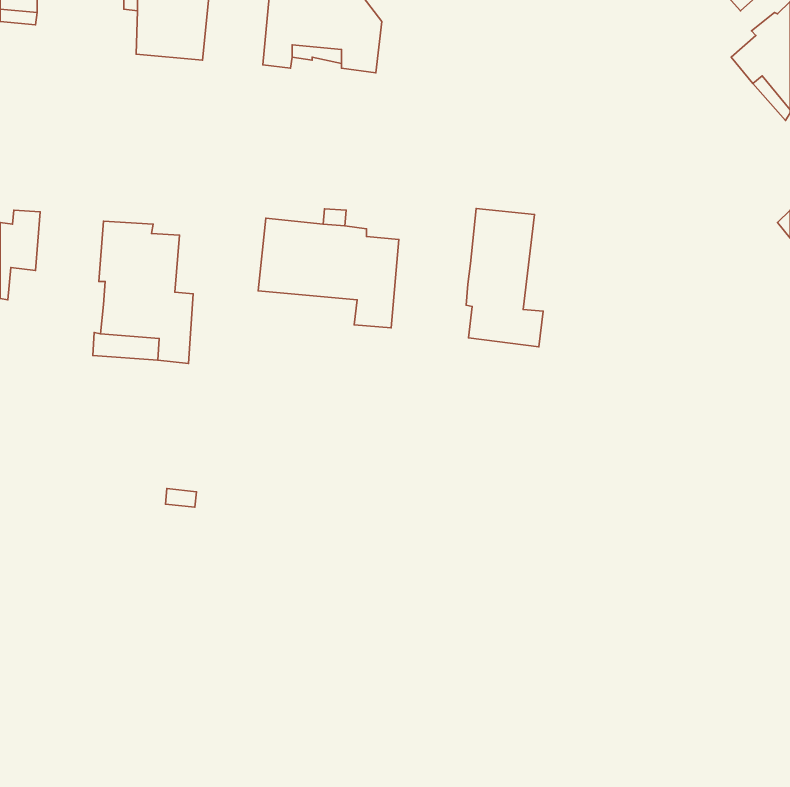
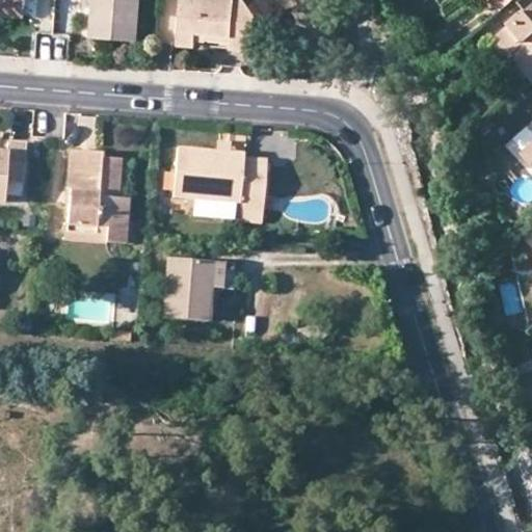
building: [466,208,543,347] -> none
building: none -> [164,257,236,320]

